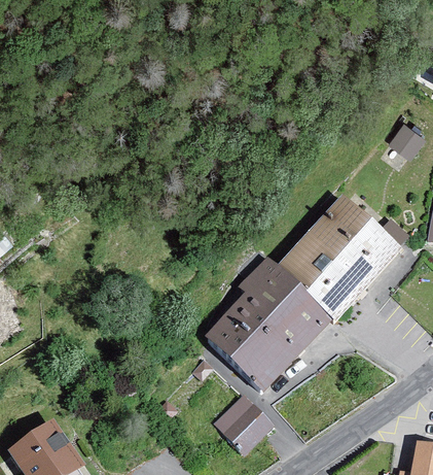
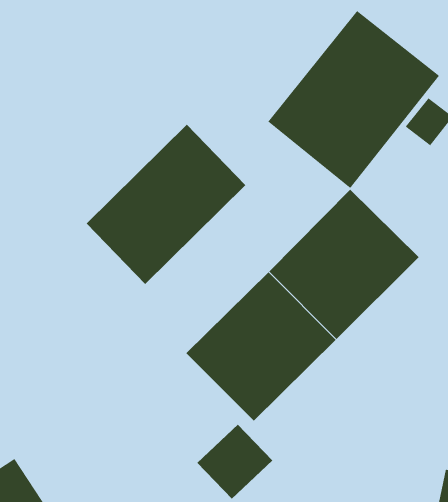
building: none -> [267,10,440,189]
building: none -> [86,124,246,285]

